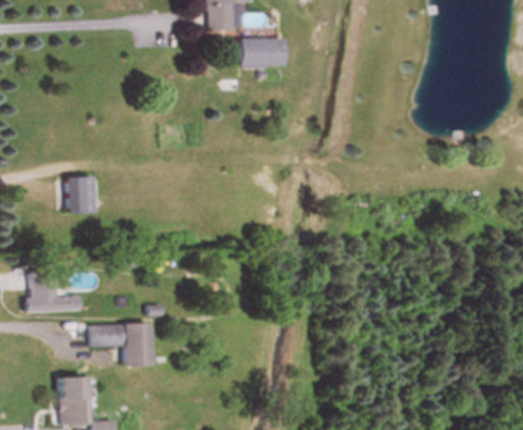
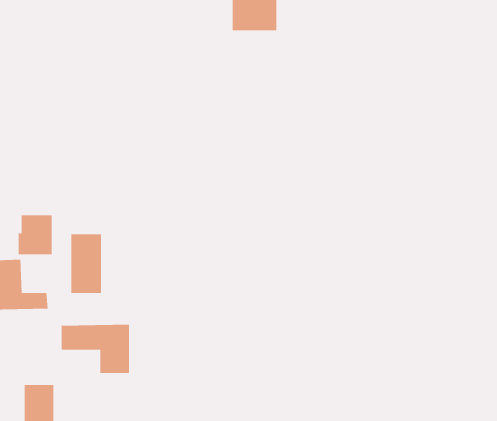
building: [64,177,94,212] -> [18,215,52,255]
building: none -> [71,234,102,294]

